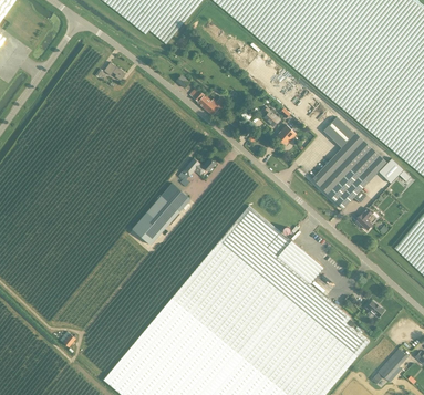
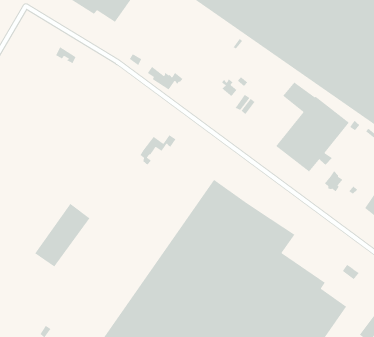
building: [132,183,190,245] -> [34,203,91,267]

